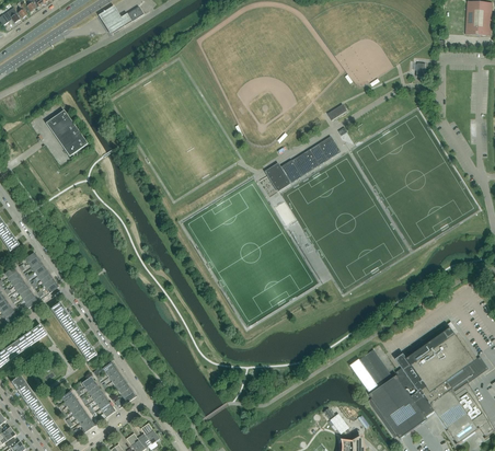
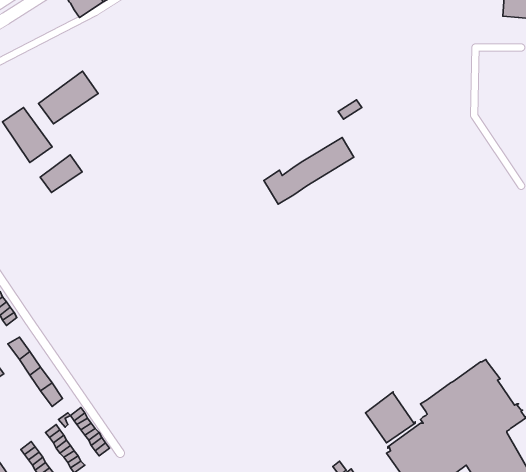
building: none -> [39,71,98,124]
building: none -> [40,155,82,193]

